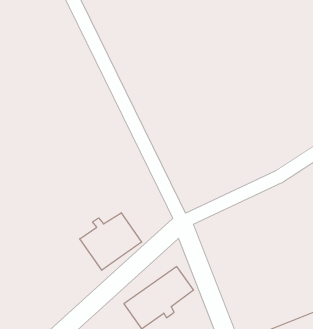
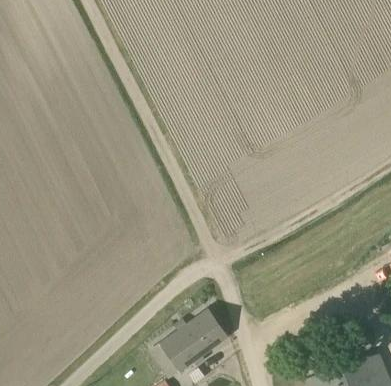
building: [80,213,142,270] -> none

